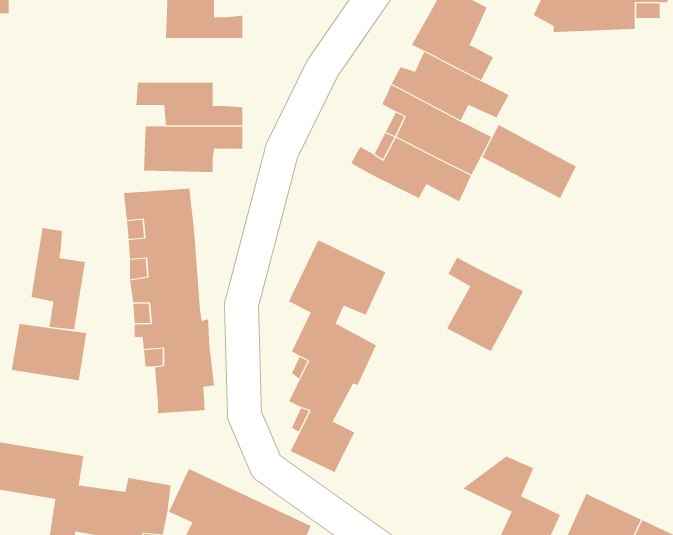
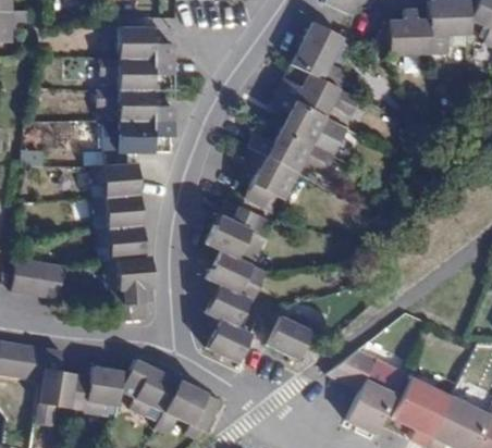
building: none -> [99,58,173,89]
building: [481,124,577,199] -> none
building: [31,227,85,330] -> none
building: [446,257,524,352] -> [244,148,298,214]
building: none -> [266,314,325,359]

